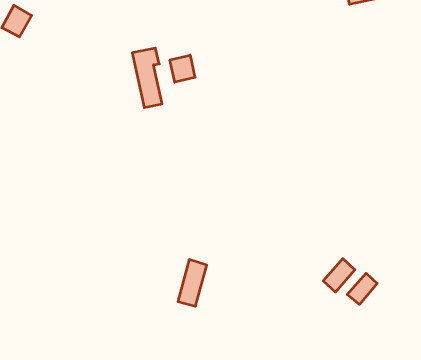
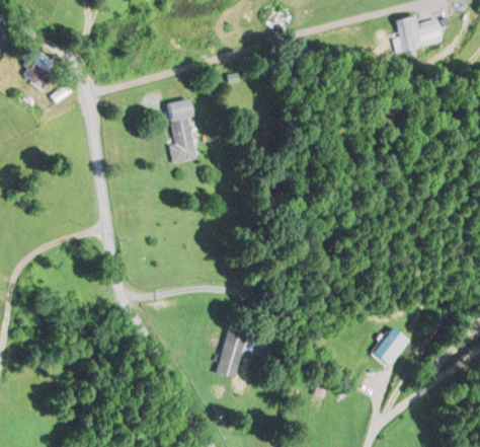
building: [170,55,195,82] -> none
building: [347,273,377,304] -> none

